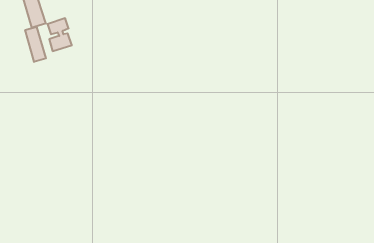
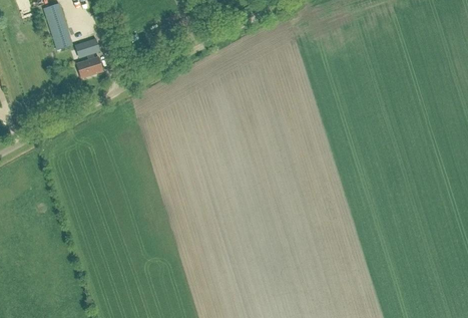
building: [25,27,46,62] -> none

